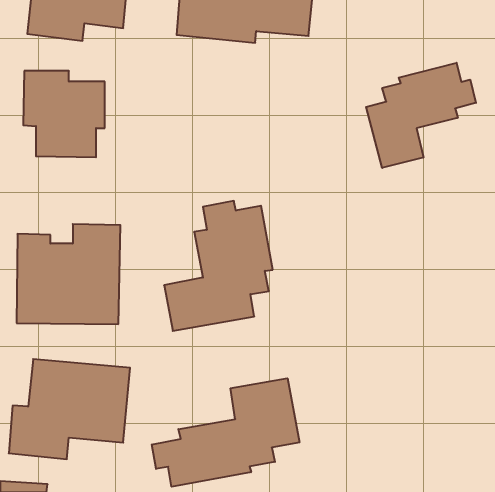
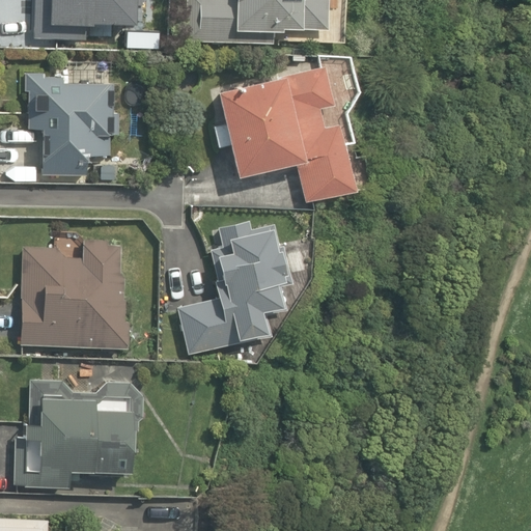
building: none -> [217,65,359,203]
building: [366,63,476,168] -> none
building: [152,378,299,487] -> none

